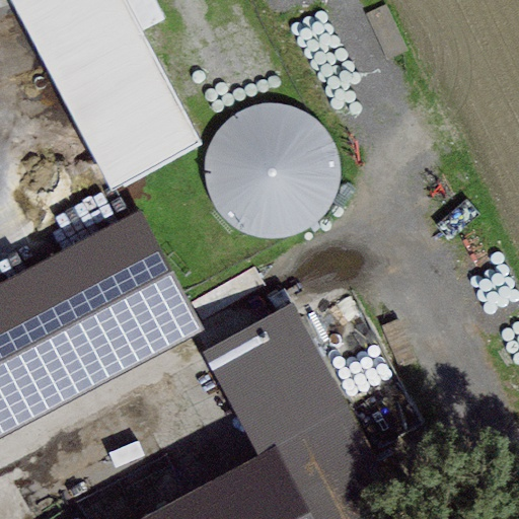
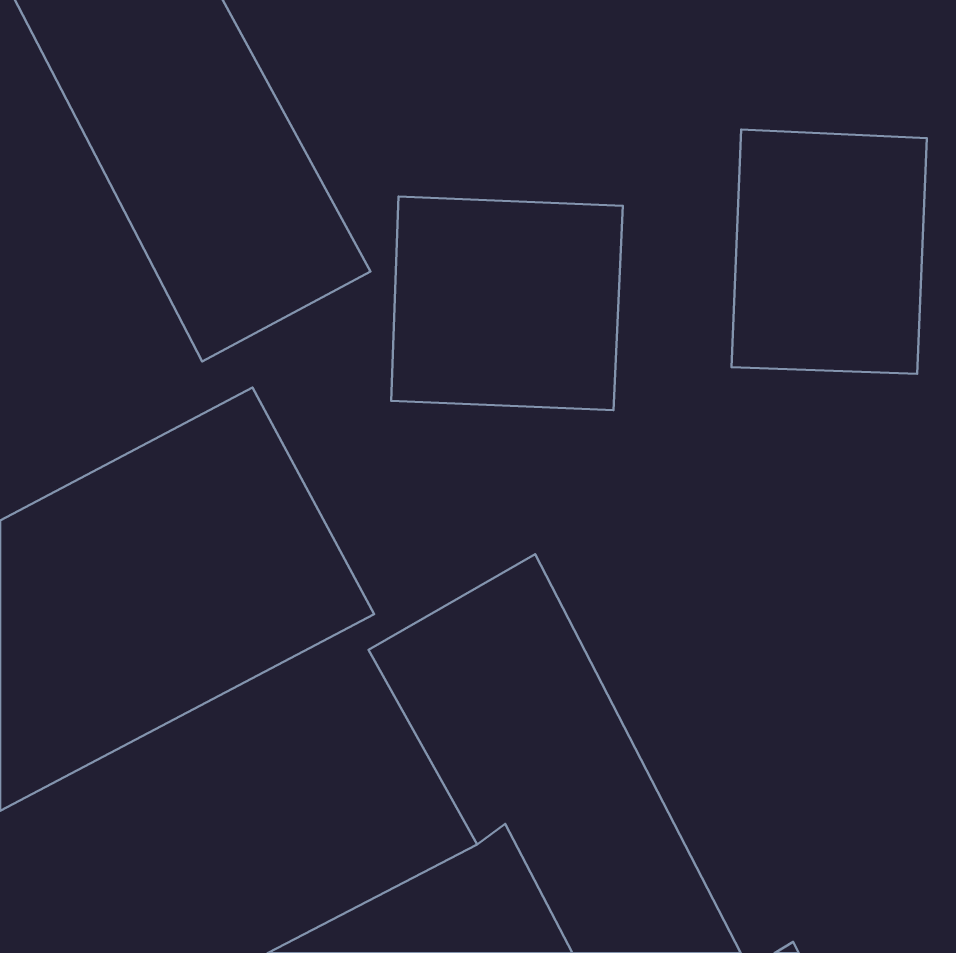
building: none -> [731,129,927,374]

